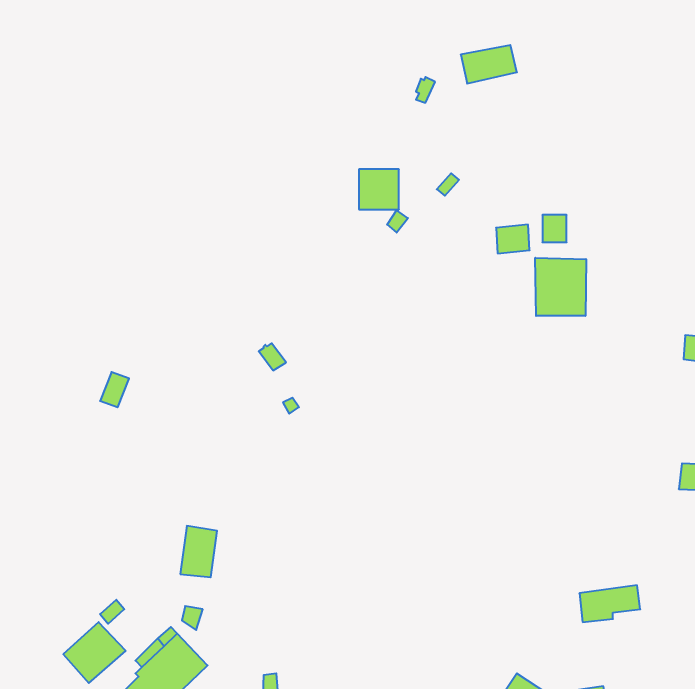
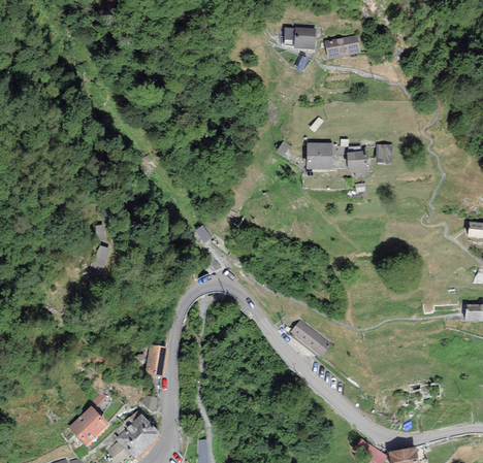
building: none -> [285,26,316,49]
building: [359,169,399,209] -> [307,142,332,168]
building: [535,258,586,316] -> none
building: none -> [289,320,332,358]

